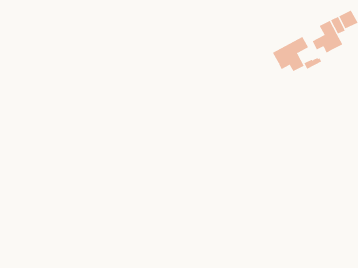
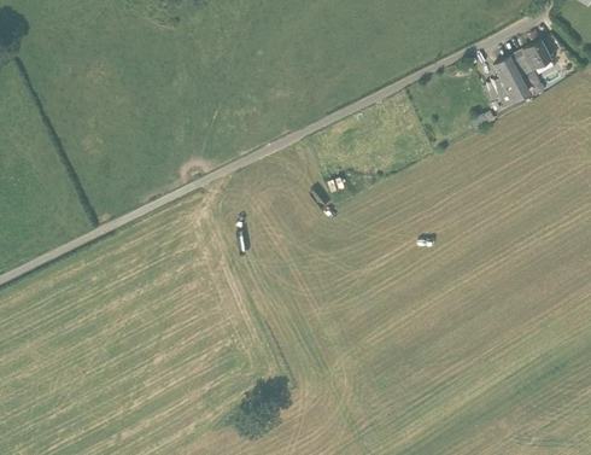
building: [272,36,309,72] -> none

